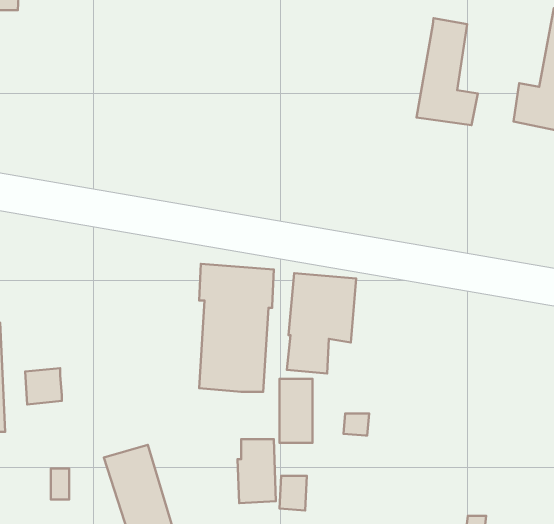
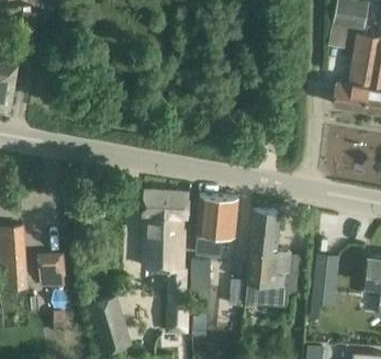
building: [417,18,478,125] -> none
building: none -> [245,212,299,306]
building: none -> [314,258,338,293]

